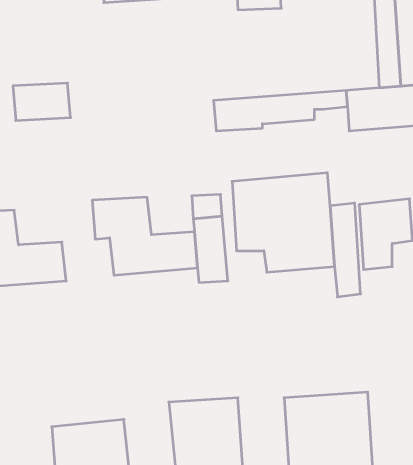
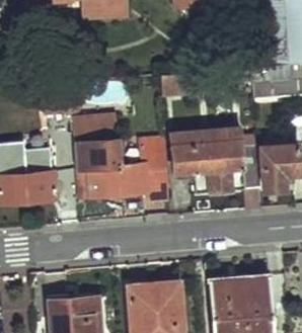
building: [13,83,71,121] -> [73,116,114,143]

